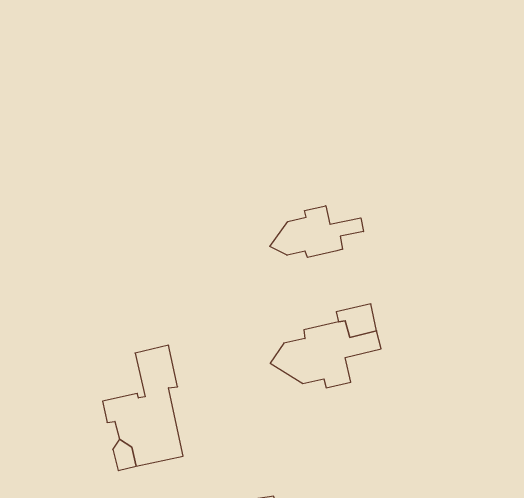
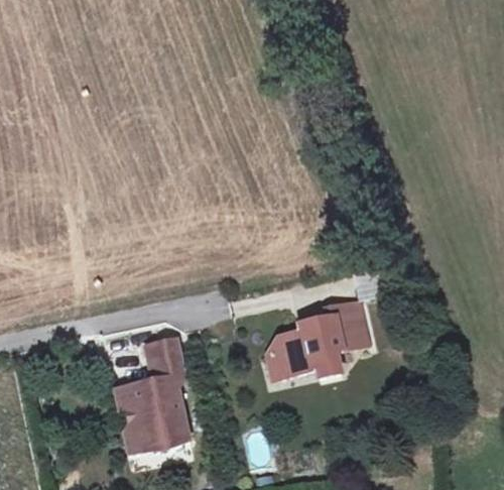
building: [270,206,363,257] -> none

